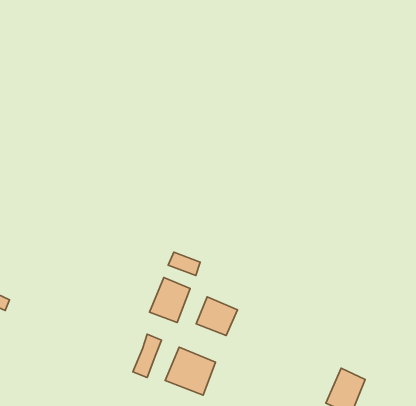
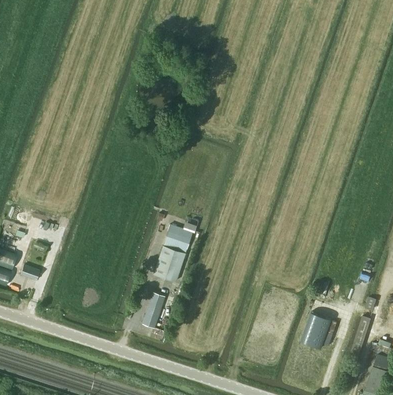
building: [196,297,238,336] -> none
building: [165,347,215,395] -> none

